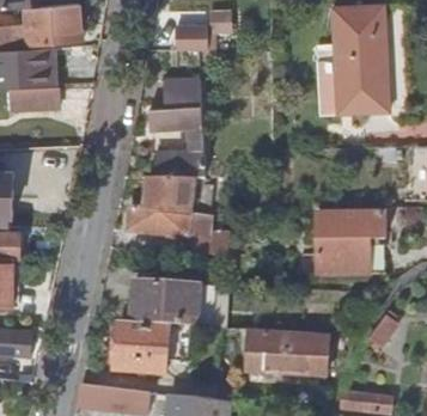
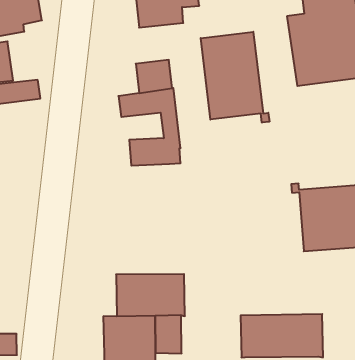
building: none -> [201,32,269,123]
building: [127,178,225,256] -> none

